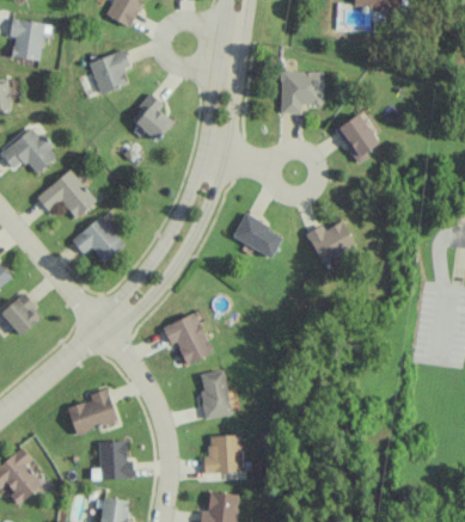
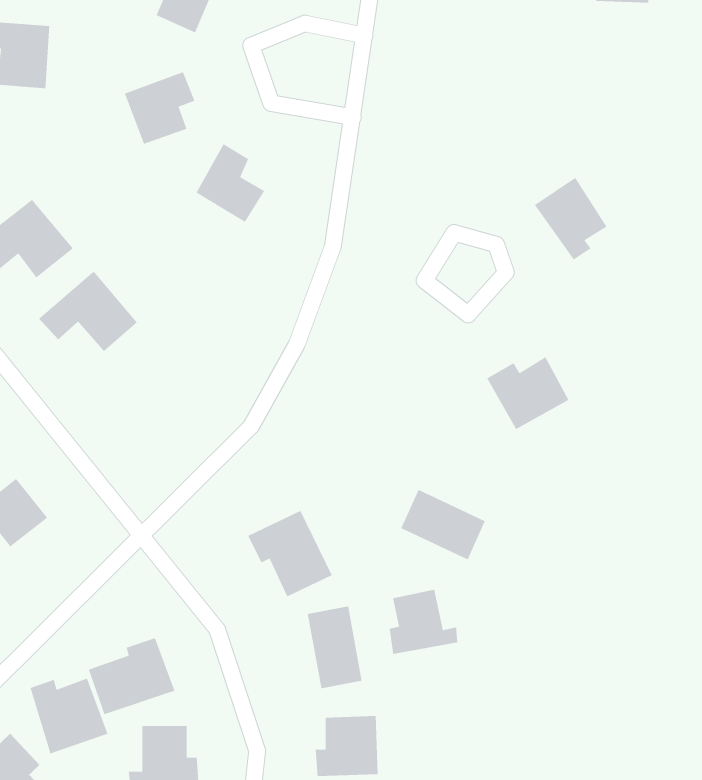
building: [281,72,323,113] -> none
building: [233,215,284,258] -> [400,489,486,561]
building: [72,216,126,263] -> none
building: none -> [389,589,458,655]
building: none -> [29,678,108,755]

